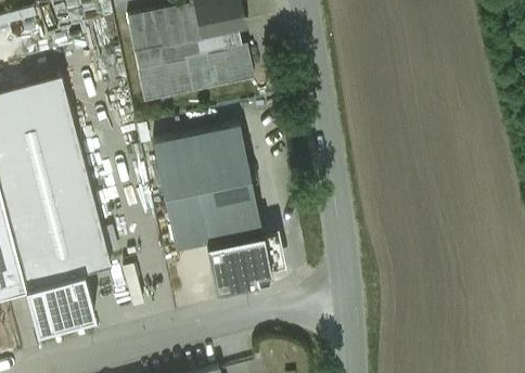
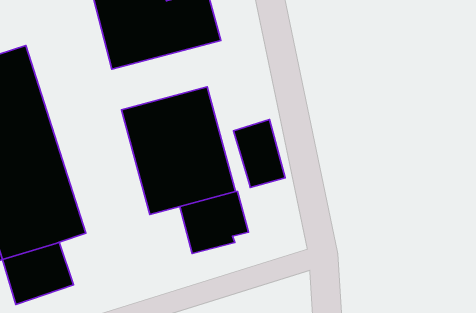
building: none -> [233,119,285,187]

